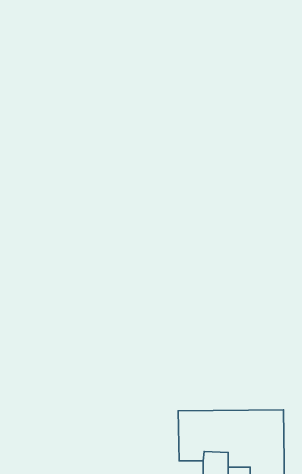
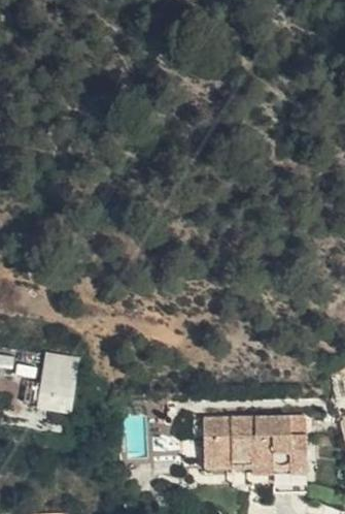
building: none -> [39,356,80,415]

